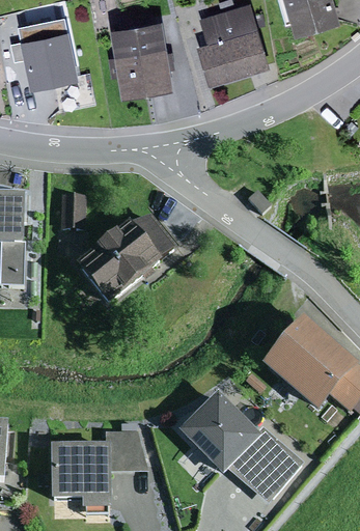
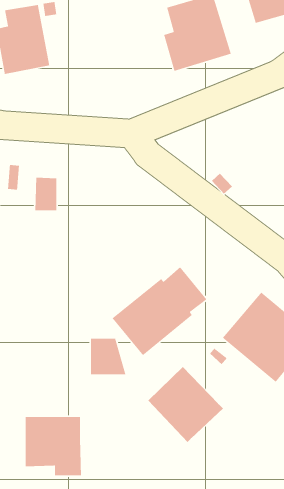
building: [109,17,171,94] -> none
building: [75,212,176,307] -> [111,266,207,356]
building: [226,426,302,503] -> none
building: [109,430,147,470] -> [90,338,126,375]

